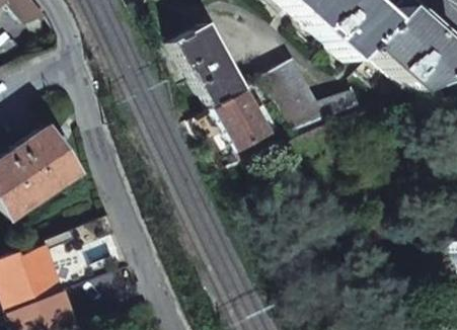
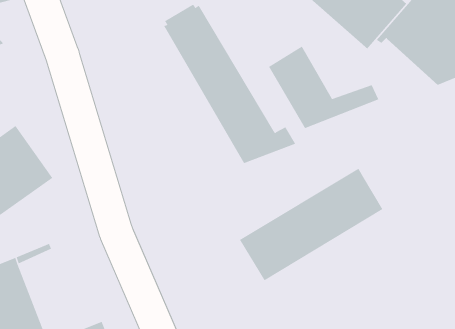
building: none -> [239,168,383,281]

